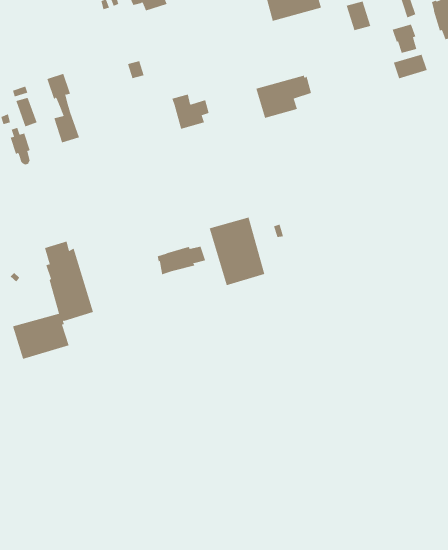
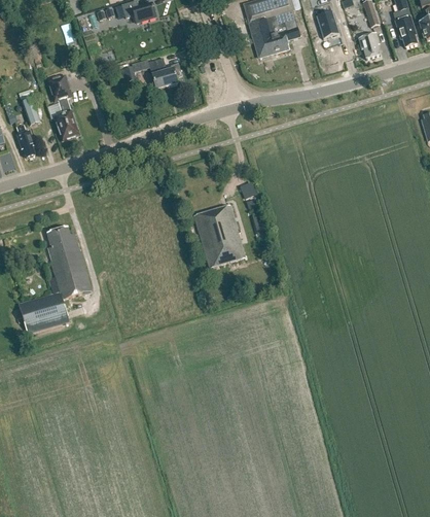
building: [393,54,428,79] -> none
building: [255,75,312,118] -> [251,16,301,56]
building: [171,94,209,129] -> [148,56,182,88]
building: [157,246,206,275] -> none

